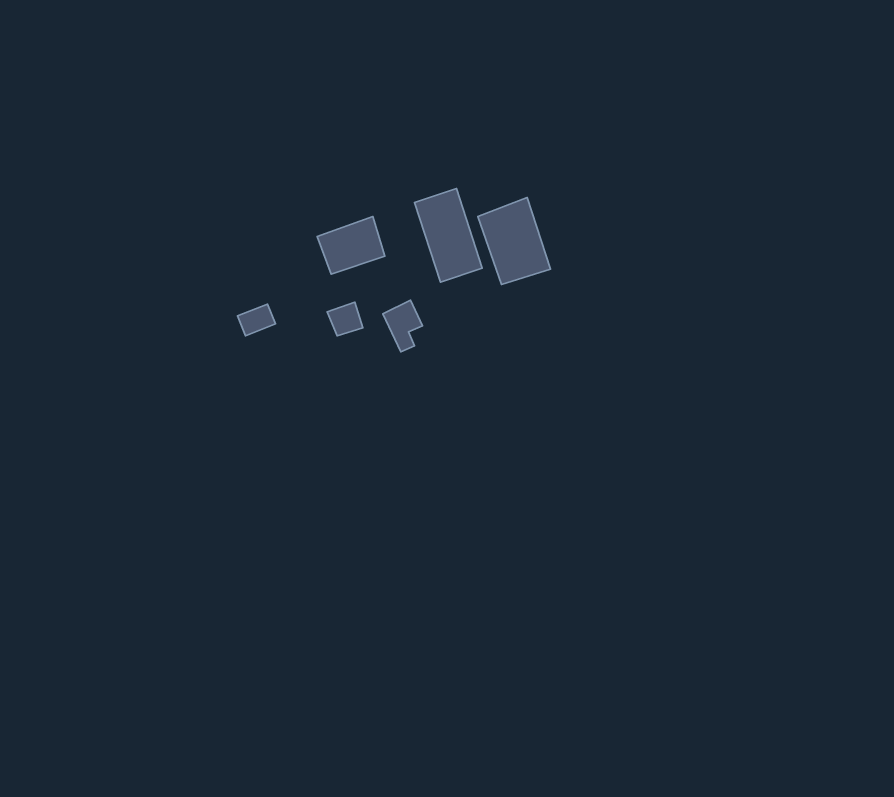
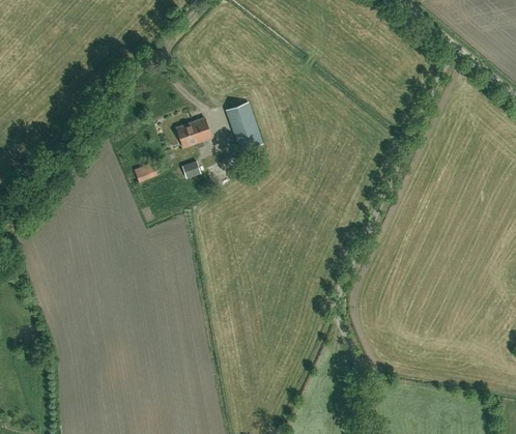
building: [478,198,550,285] -> none

